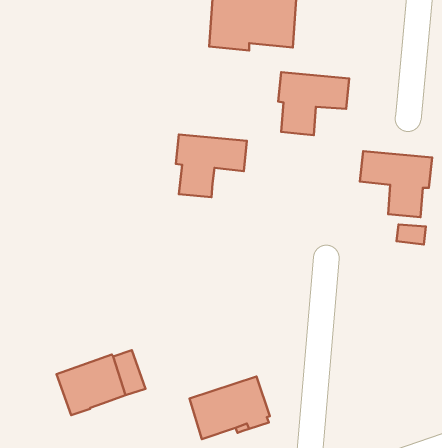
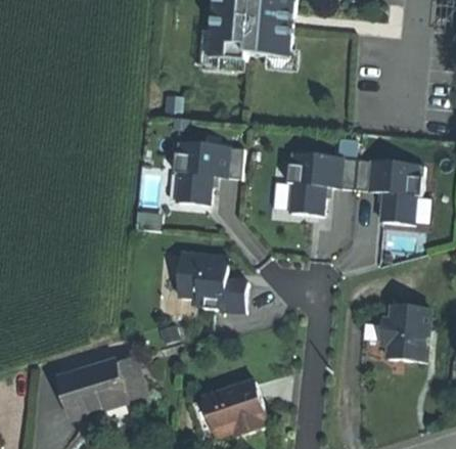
building: [278,72,349,135] -> [288,152,358,214]
building: none -> [178,250,247,310]
building: none -> [380,305,430,360]

